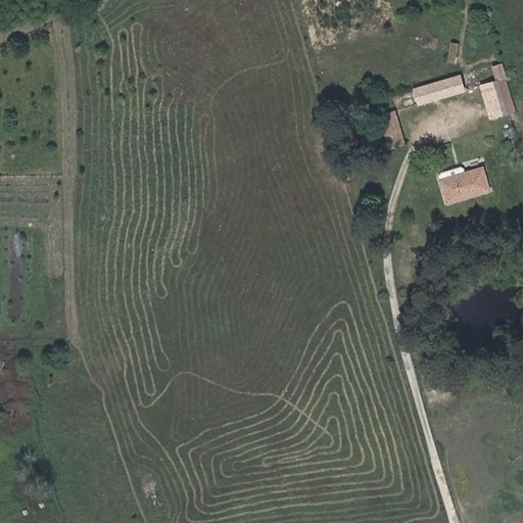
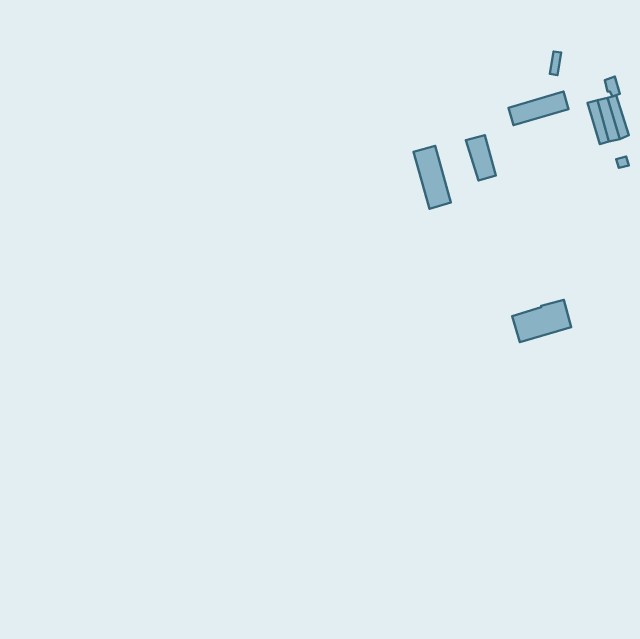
building: none -> [414,146,451,209]
building: [441,167,489,201] -> [512,300,571,342]

